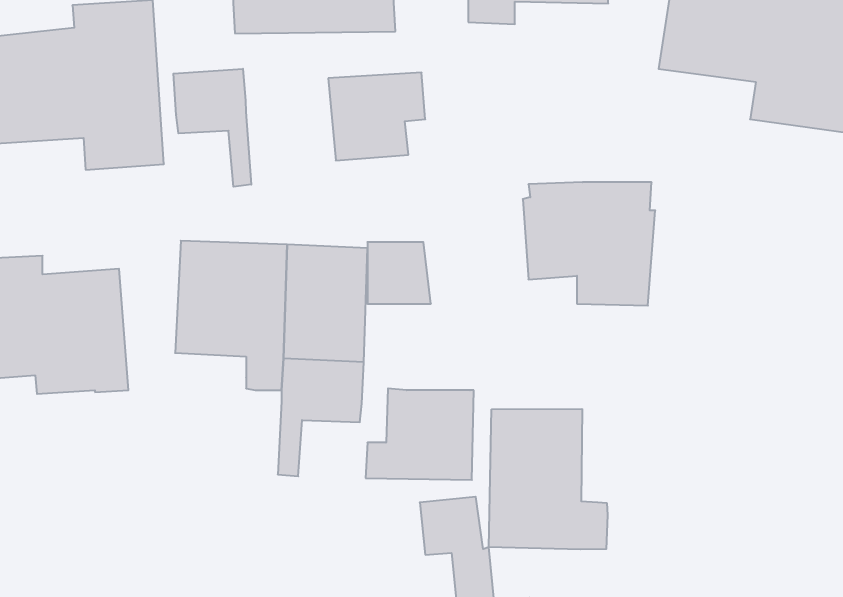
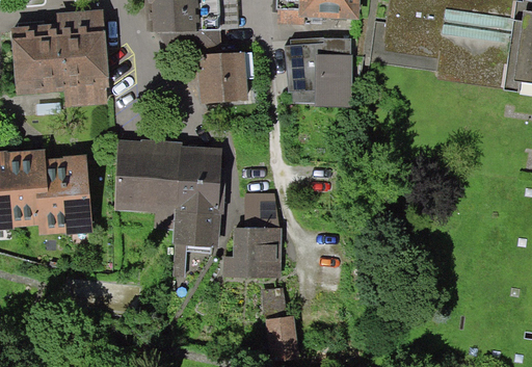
building: [173,69,251,187] -> none
building: [523,182,655,306] -> [283,37,356,106]
building: [367,242,431,304] -> [244,194,280,229]
building: [489,409,608,549] -> none

